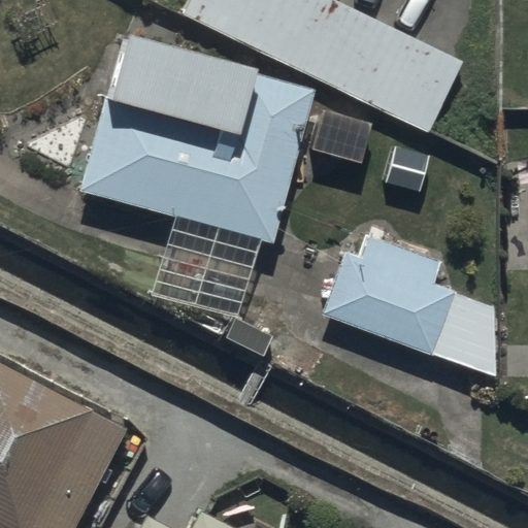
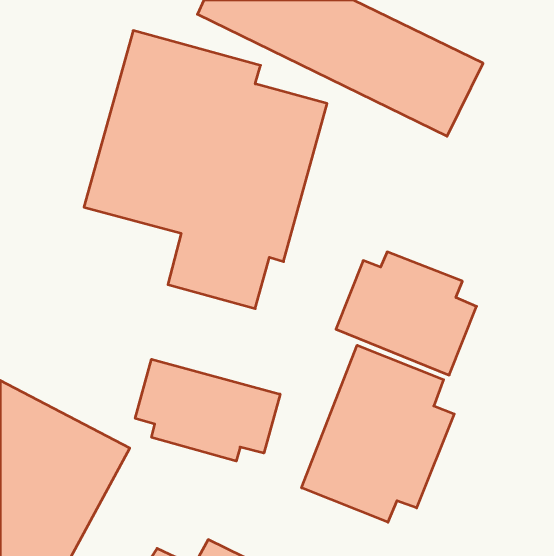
building: none -> [302,345,454,522]
building: none -> [135,359,280,461]

